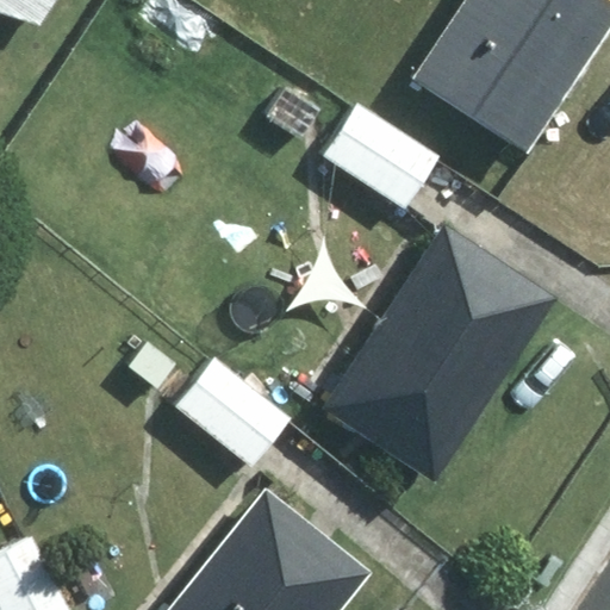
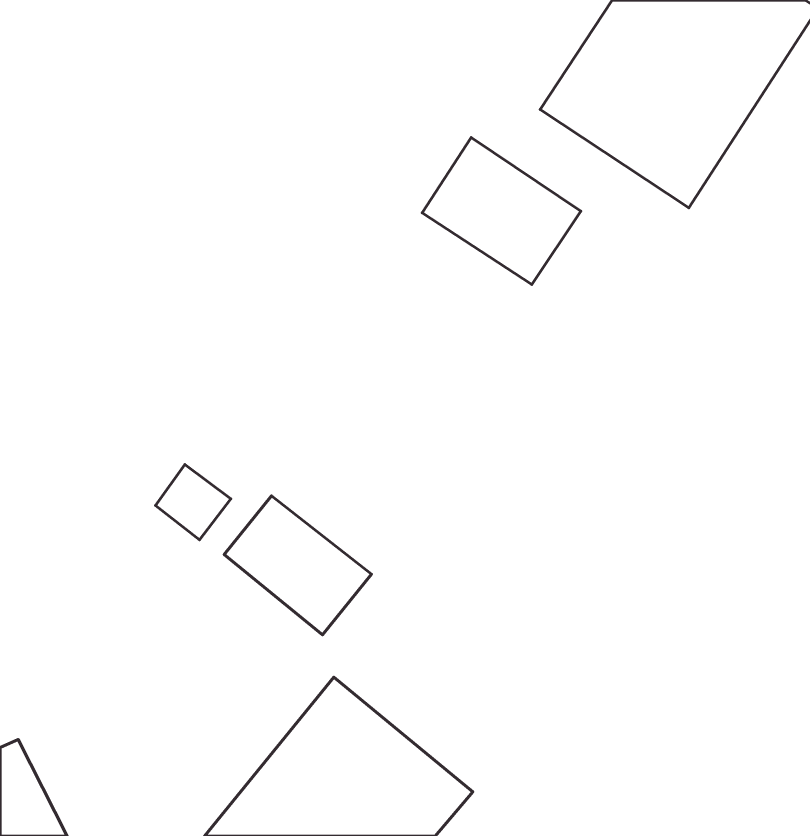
building: [324,228,549,478] -> none

